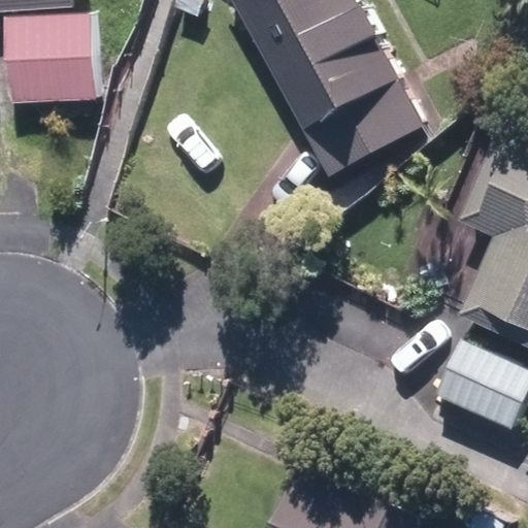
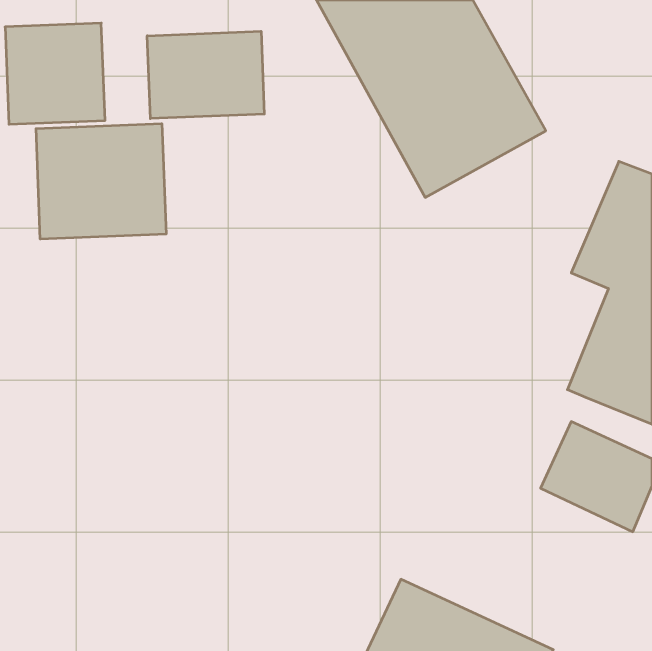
building: none -> [147,31,264,119]
building: none -> [36,124,166,239]

